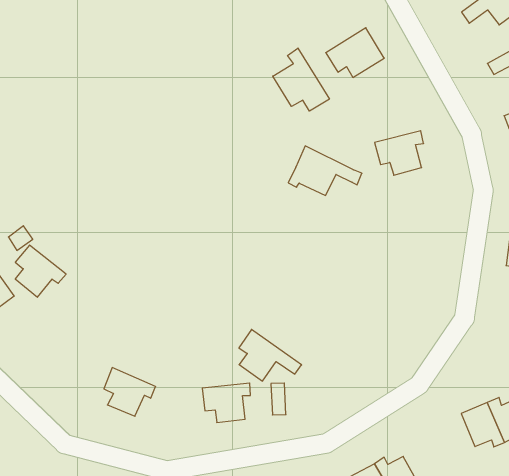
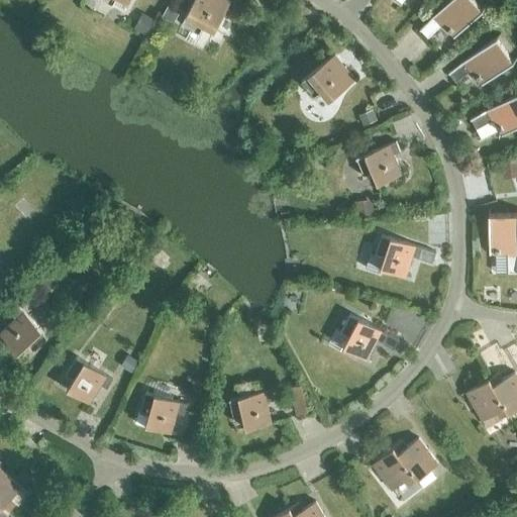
building: [273,48,329,111] -> none
building: [288,146,362,195] -> [370,235,435,278]
building: [15,245,66,297] -> [65,358,112,405]
building: [239,329,302,381] -> [340,315,399,360]

